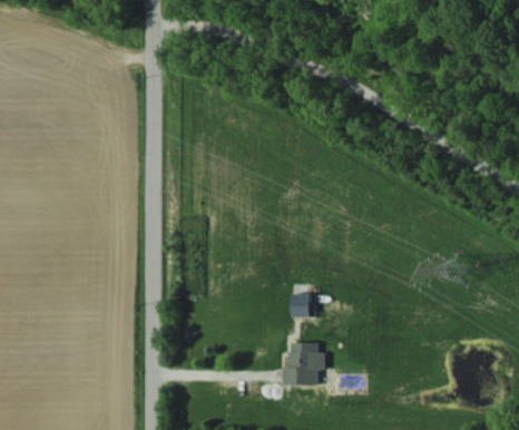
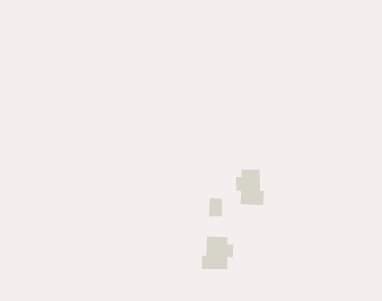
building: none -> [236,169,264,206]

